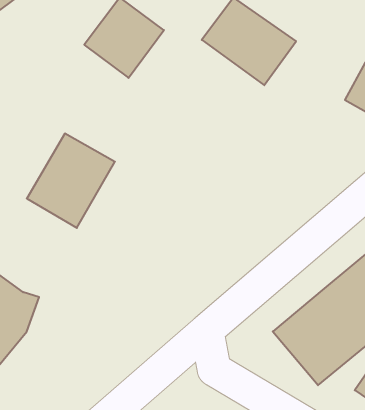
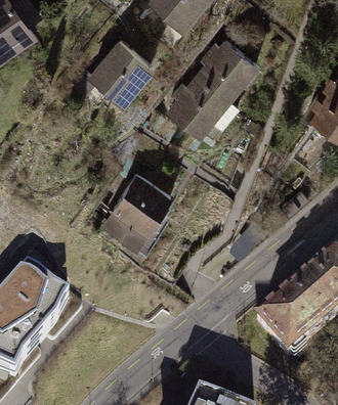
building: none -> [165,76,244,150]
building: [27,134,115,228] -> [99,174,173,253]

